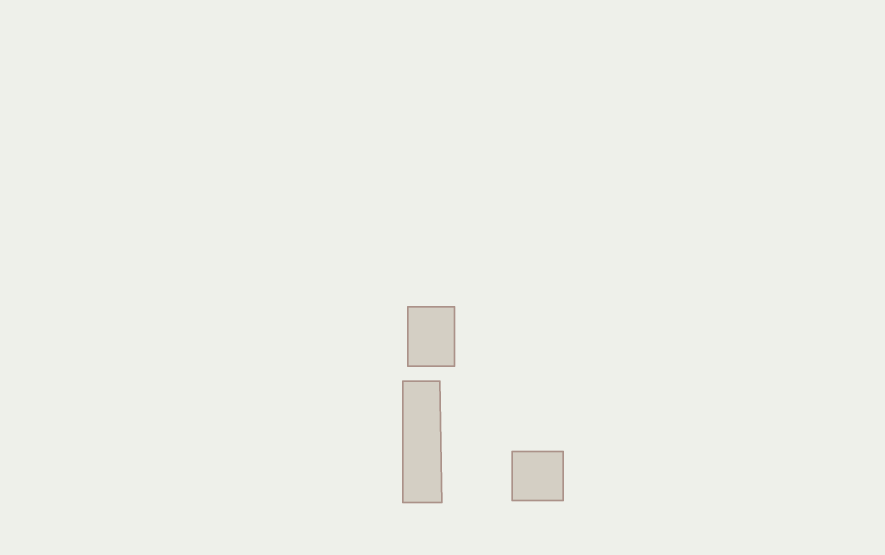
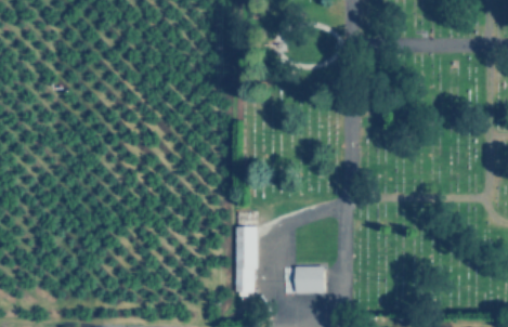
building: [408,307,454,366] -> none

